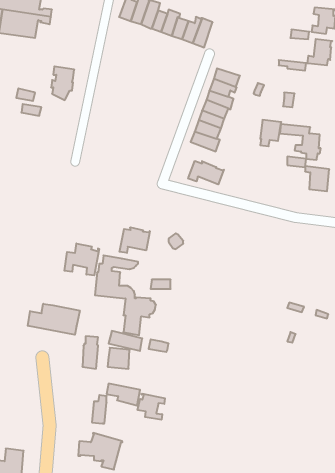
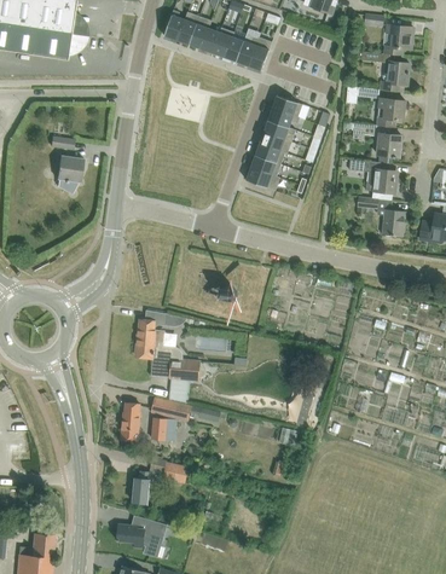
building: [51,66,74,100] -> [56,155,82,193]
building: none -> [375,99,405,128]
building: [260,120,281,146] -> [377,133,401,163]
building: [188,161,224,184] -> none
building: [119,227,150,253] -> none
building: [64,243,99,275] -> none
building: [28,304,80,335] -> none
building: [138,394,165,420] -> none

